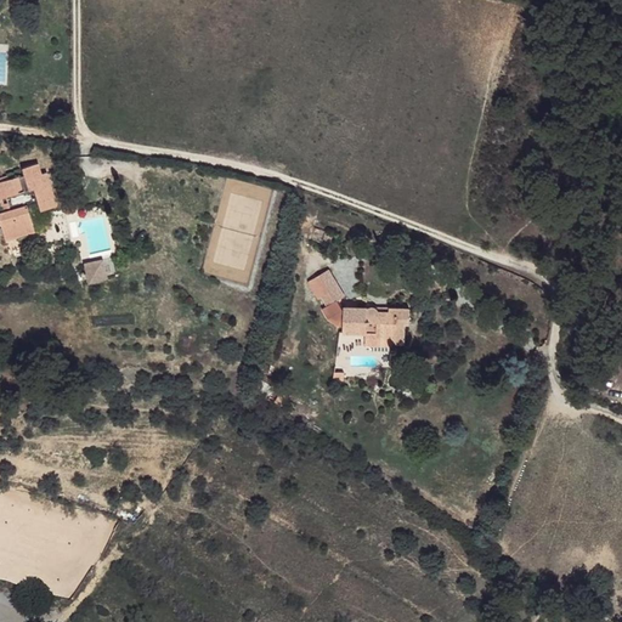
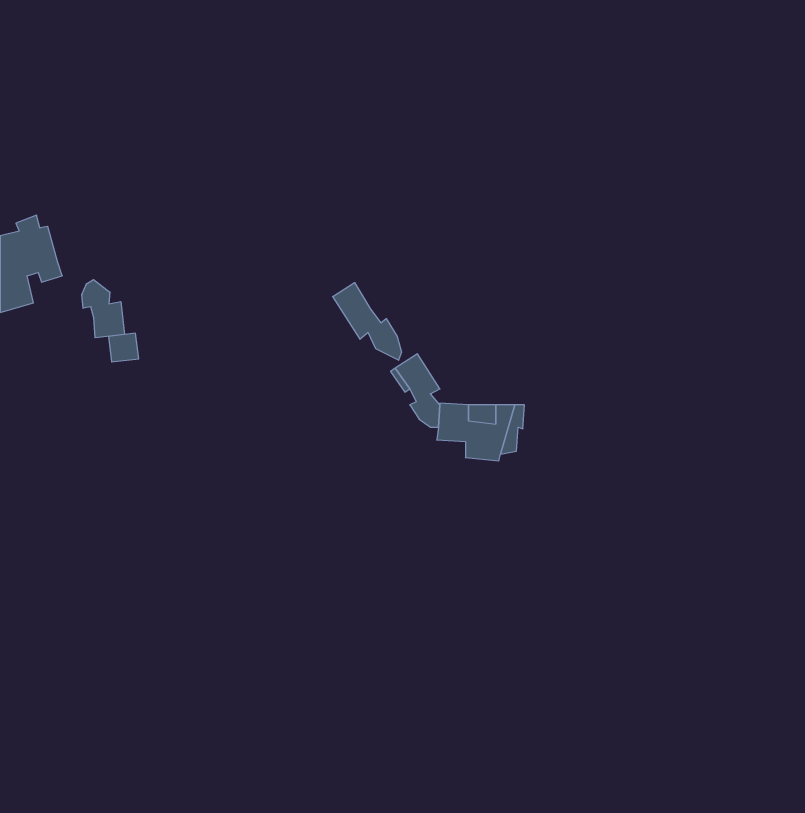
building: none -> [82,280,125,338]
building: none -> [333,283,401,360]

